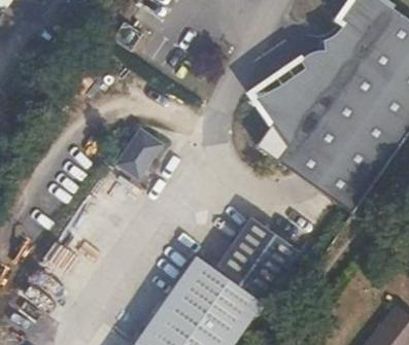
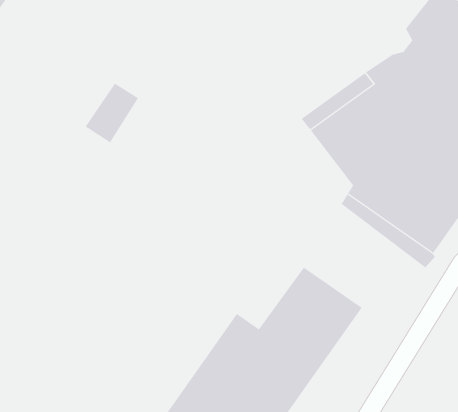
building: [118,128,162,176] -> [85,83,139,143]

